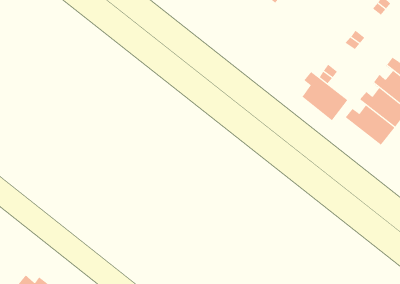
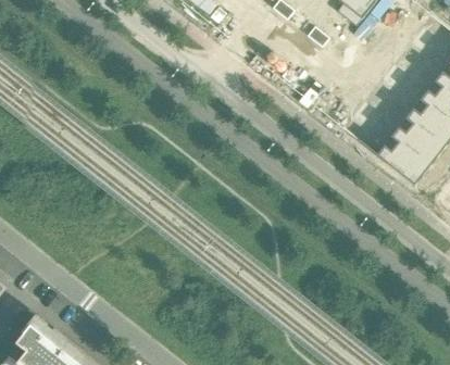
building: [295,71,348,121] -> none

